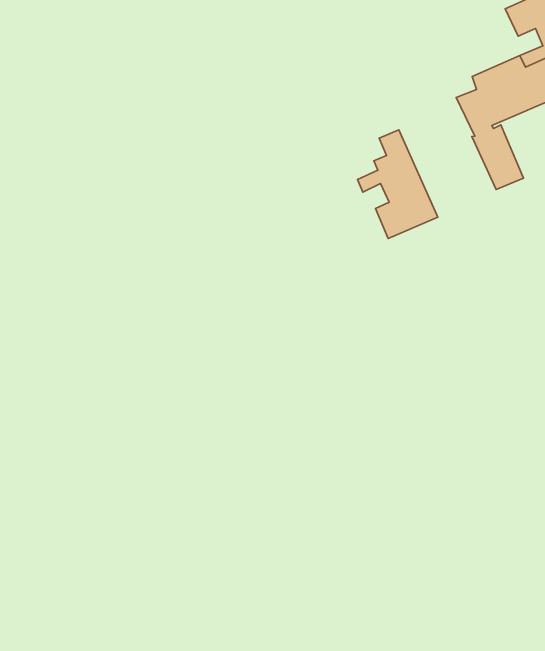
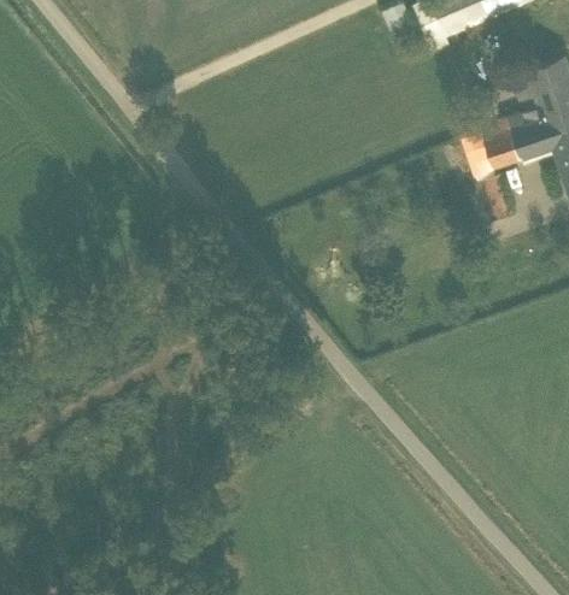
building: [357,130,438,239] -> none

